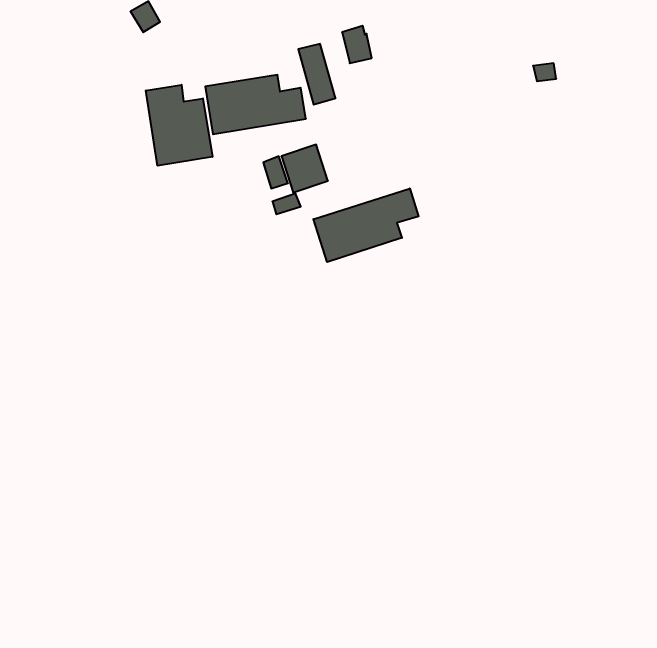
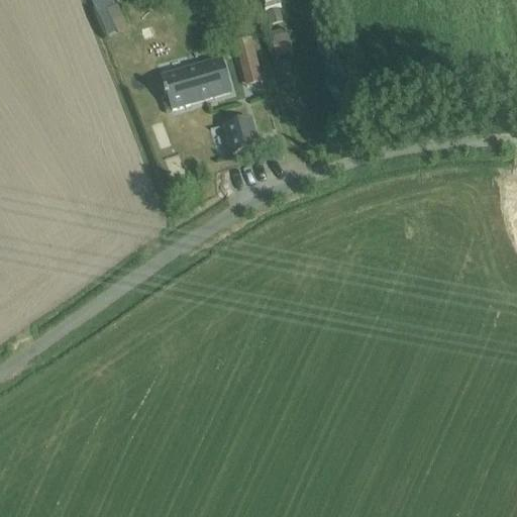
building: [146,85,212,166] -> none
building: [313,188,419,262] -> none

